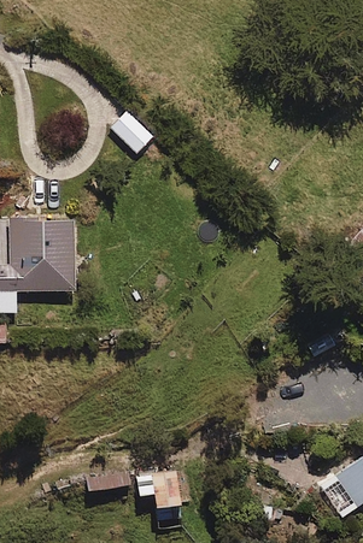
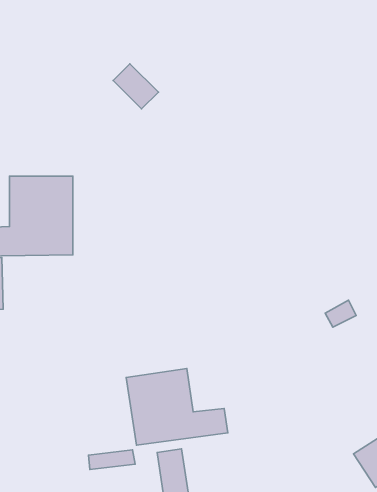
building: none -> [126,369,228,445]

